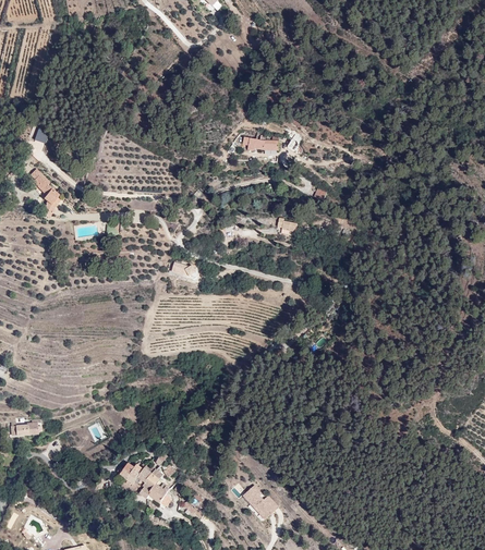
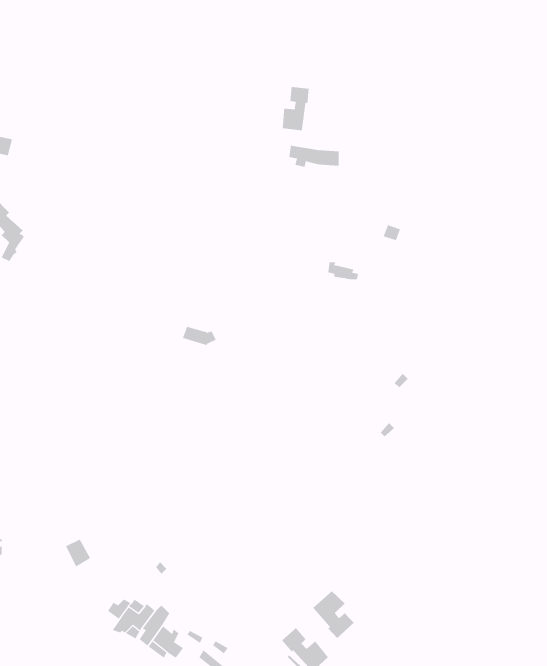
building: none -> [282,86,309,131]
building: none -> [312,590,354,639]

